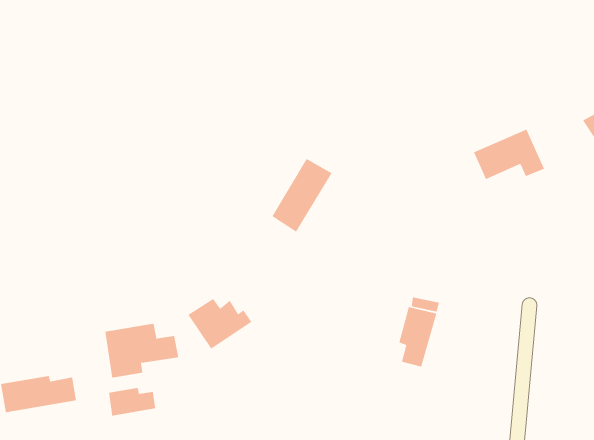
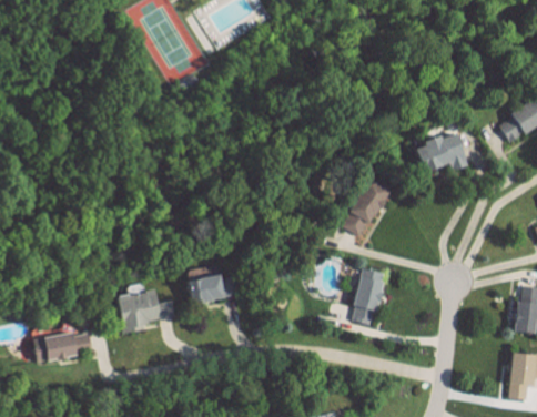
building: [272,158,332,233] -> [341,177,389,237]
building: [108,387,156,417] -> none

